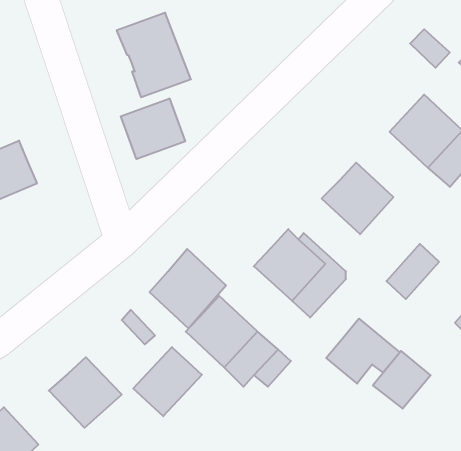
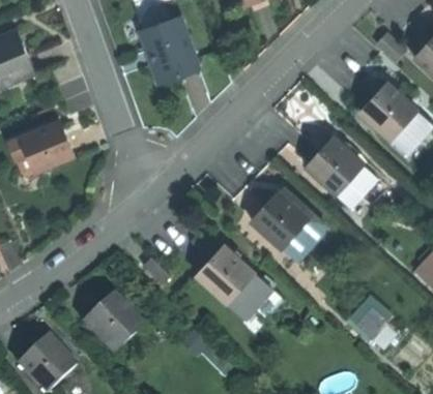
building: [121,98,185,159] -> none
building: [386,244,439,299] -> [336,164,378,209]
building: [150,249,226,328] -> none
building: [326,319,400,384] -> none
building: [133,347,202,416] -> none

